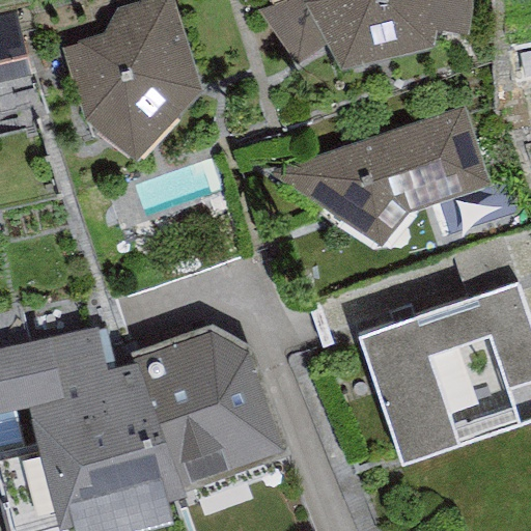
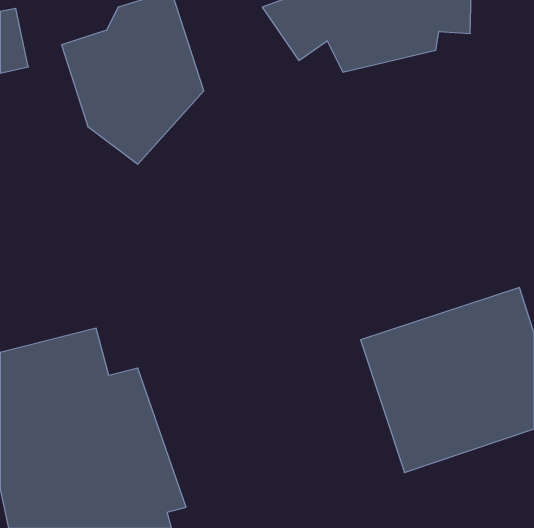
building: [272,104,487,247] -> none
building: [132,326,290,494] -> none

